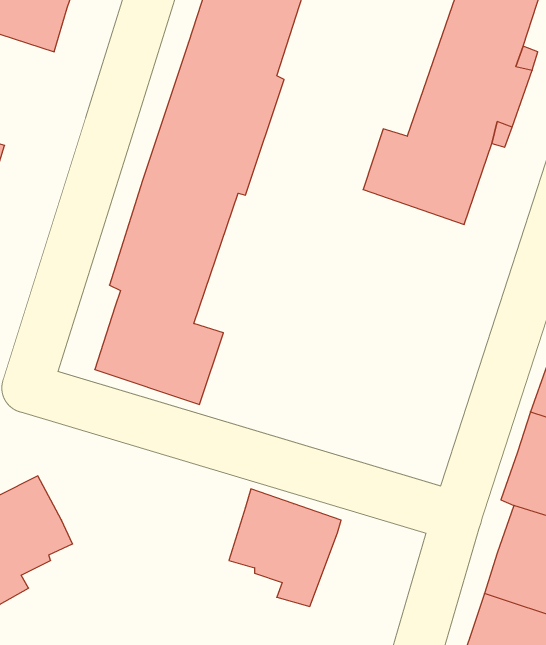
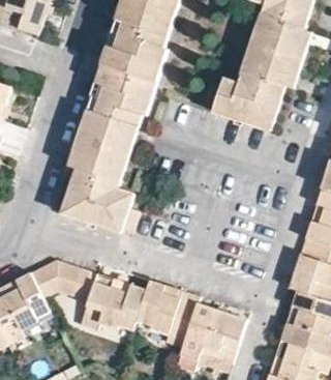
building: none -> [28,260,145,331]
building: none -> [178,305,244,363]

